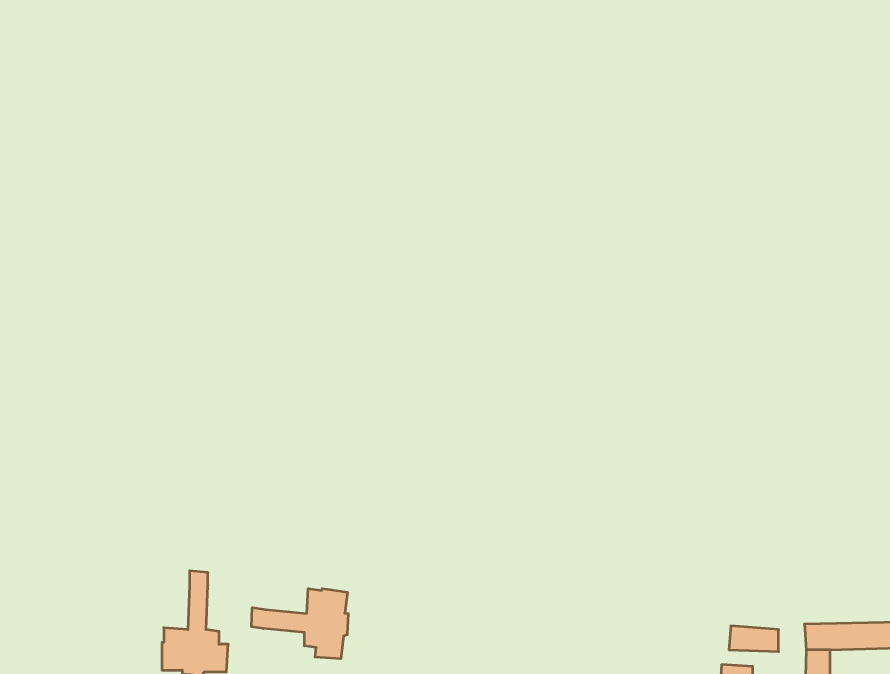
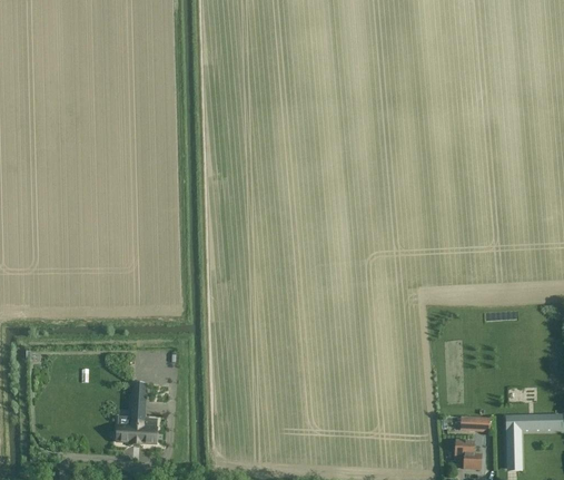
building: [252,589,348,659] -> none

